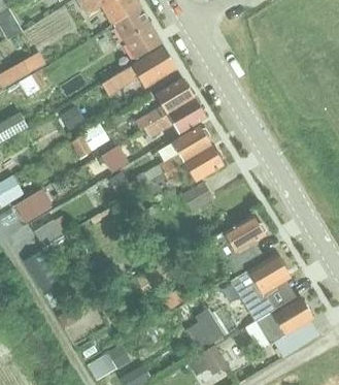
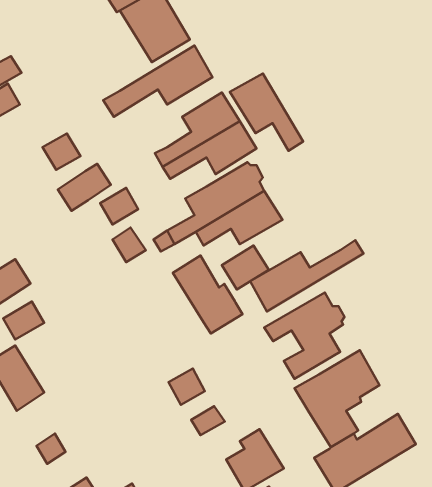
building: none -> [230,73,303,151]
building: none -> [250,240,364,311]
building: none -> [173,256,243,334]

